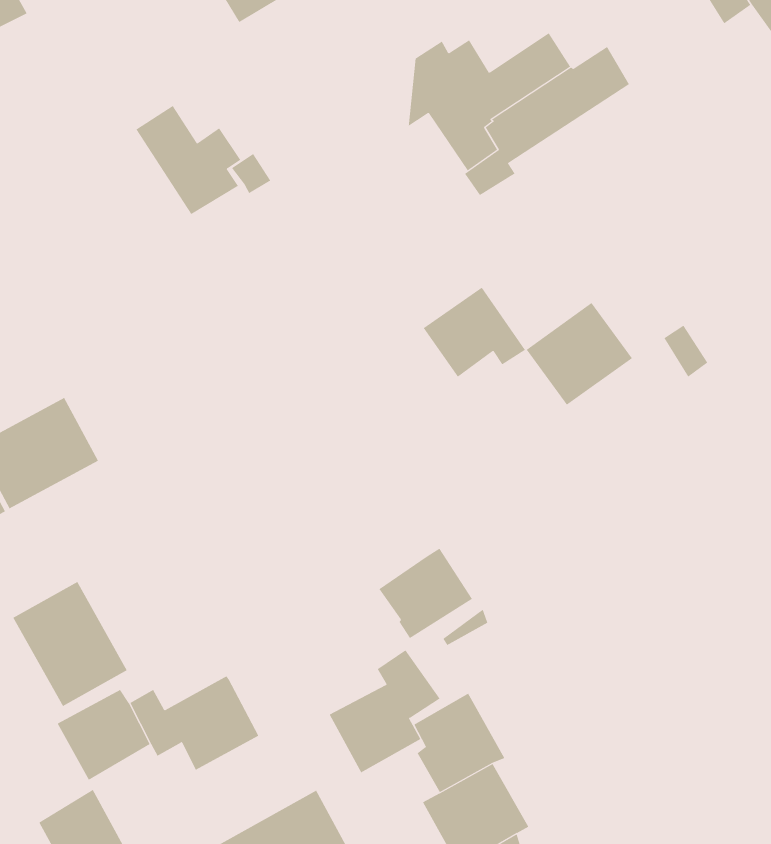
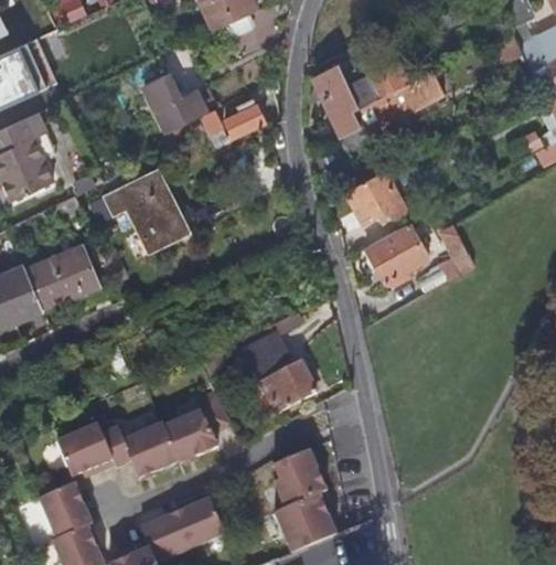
building: none -> [222,96,266,143]
building: none -> [106,170,189,252]
building: [423,287,526,377] -> [346,169,407,222]
building: none -> [239,334,291,381]
building: [13,581,128,707] -> none
building: [329,649,440,773] -> [164,391,233,462]

